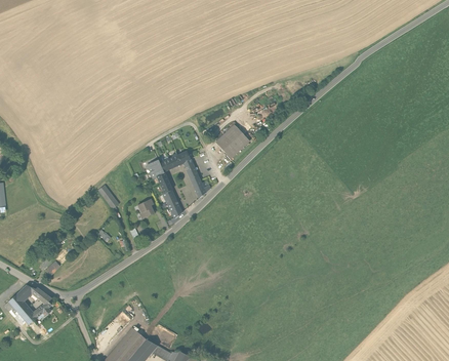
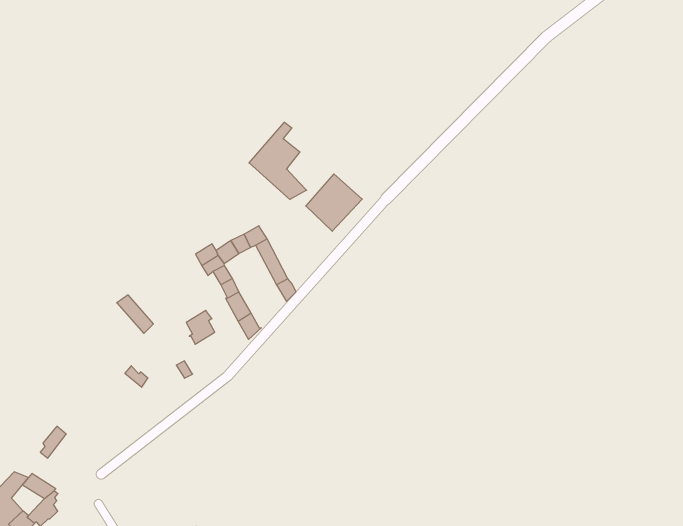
building: none -> [249,122,307,199]

